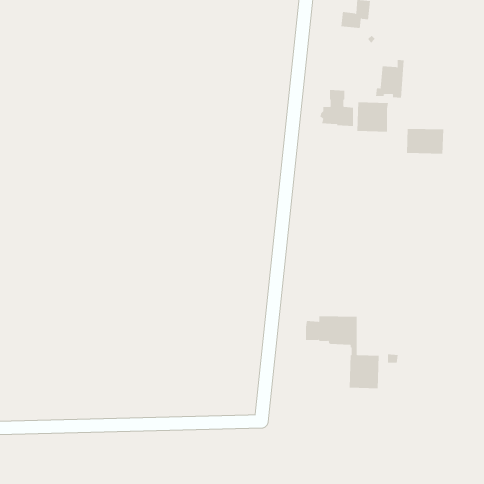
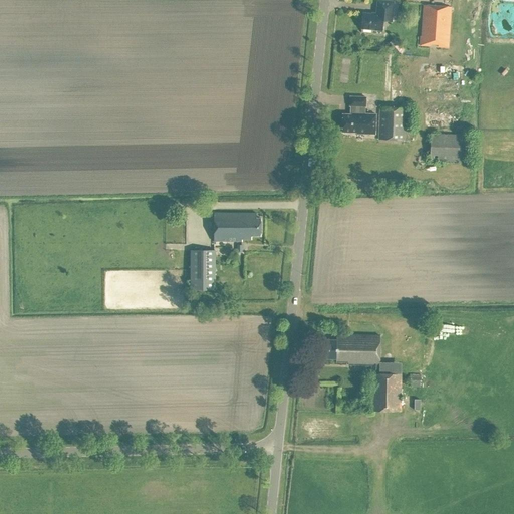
building: [375,59,405,98] -> [418,5,449,46]
building: none -> [212,211,258,239]
building: none -> [192,253,216,293]

